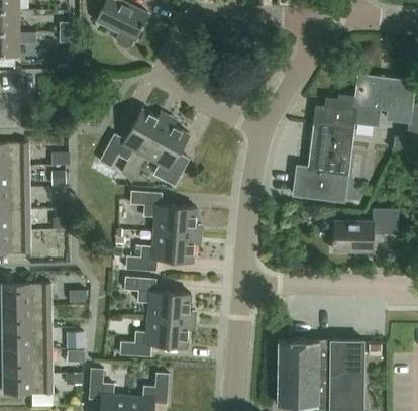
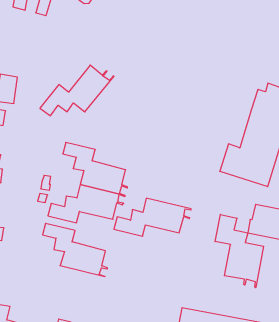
building: [145,116,189,186] -> none
building: none -> [215,214,264,288]
building: [120,318,195,357] -> [114,198,191,236]

